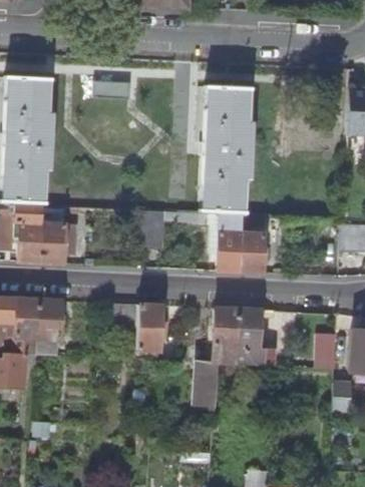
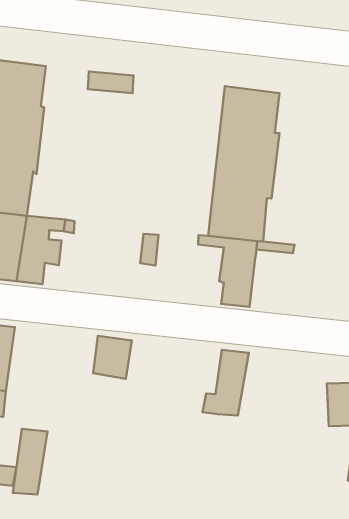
building: [240,231,264,273] -> none
building: [37,301,63,356] -> [13,429,47,495]
building: [137,306,168,361] -> none
building: [236,310,264,366] -> none
building: [194,363,219,409] -> none

